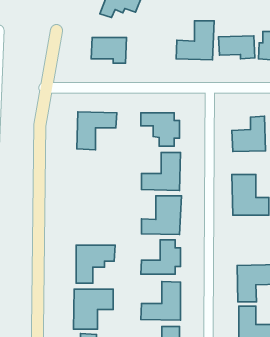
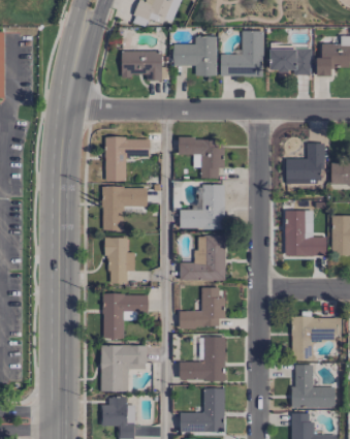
building: none -> [173,36,217,76]
building: none -> [102,187,148,230]
building: none -> [106,237,134,283]

